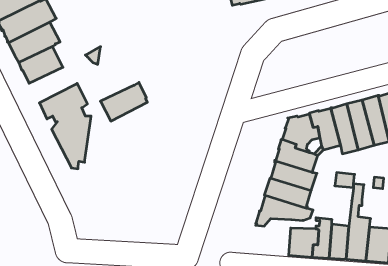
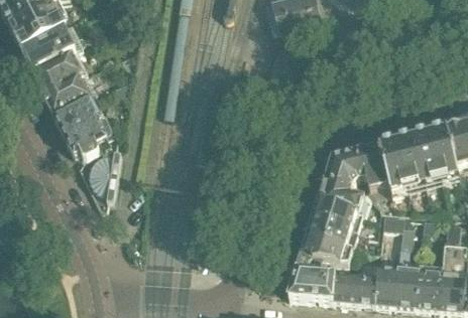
building: [100,82,147,121] -> [54,97,105,138]
building: none -> [289,262,336,301]

